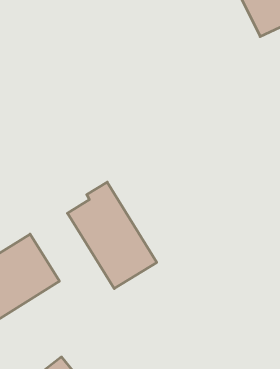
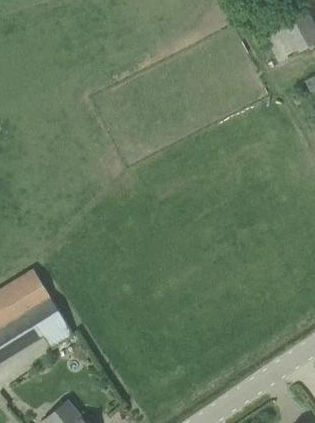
building: [67,182,157,289] -> none

